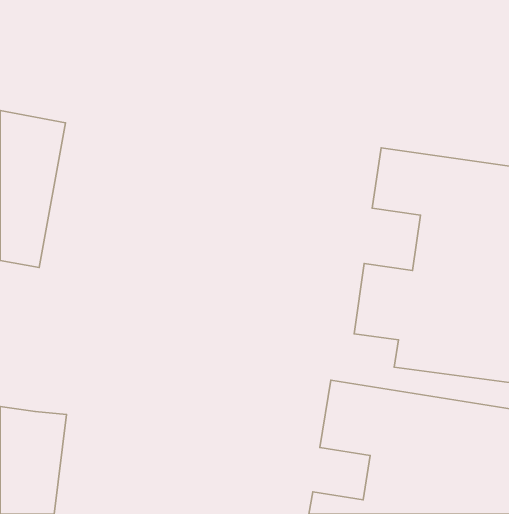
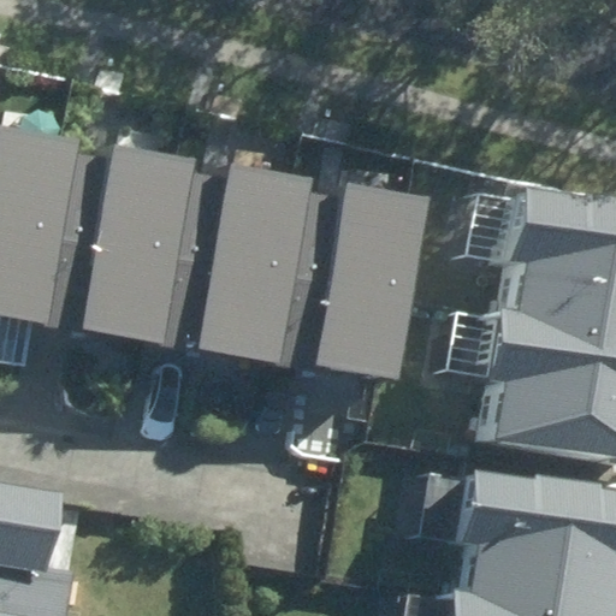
building: none -> [76,146,196,342]
building: none -> [191,166,314,363]
building: none -> [309,168,425,419]

